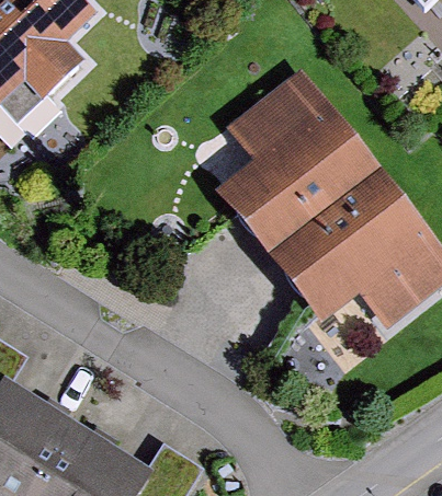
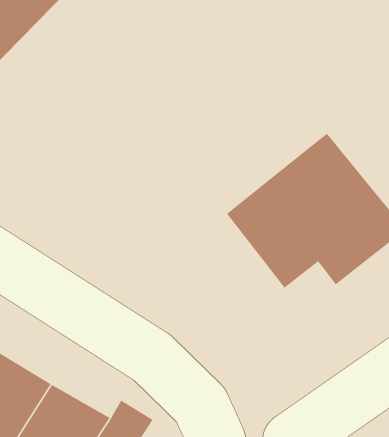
building: [226,78,375,251] -> none

